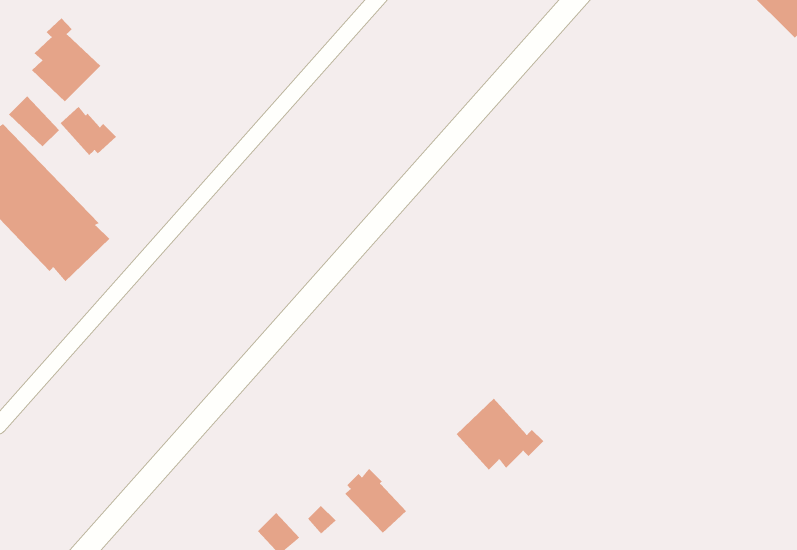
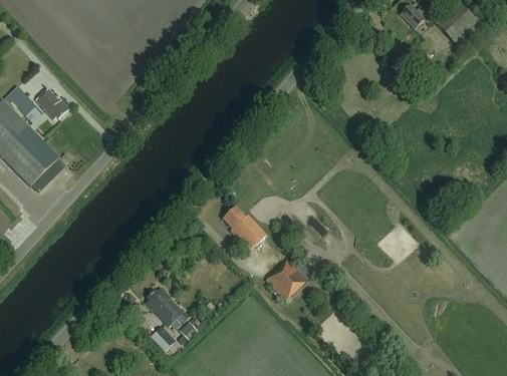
building: [31,17,101,102] -> none
building: none -> [222,206,266,251]
building: [345,468,407,534] -> [146,287,182,325]

